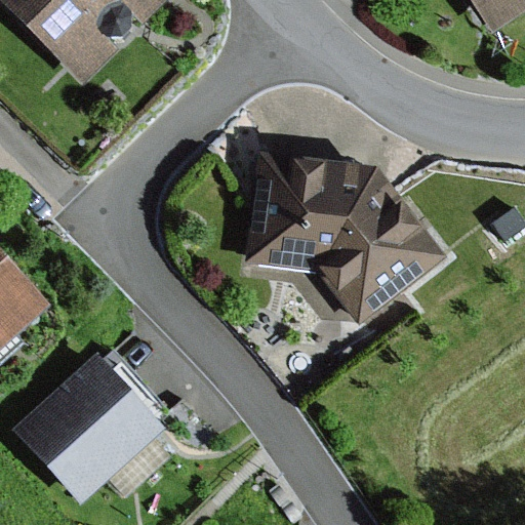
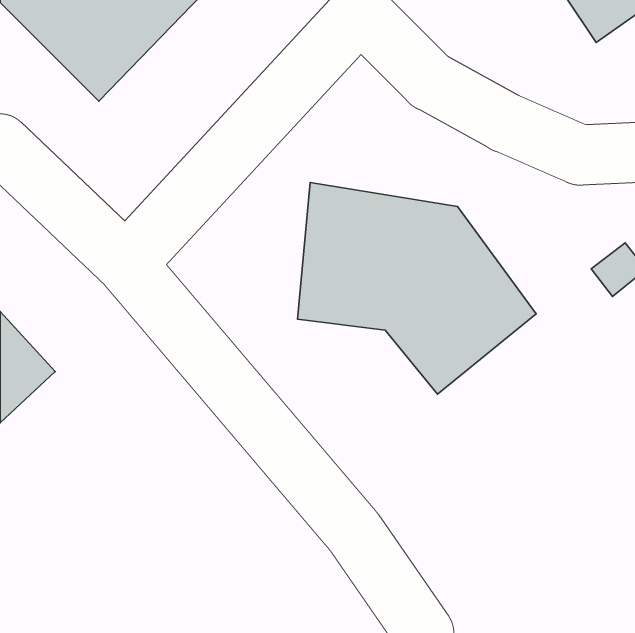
building: [14,353,164,501] -> none

